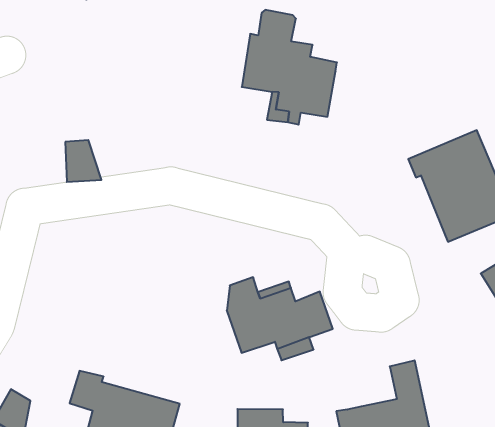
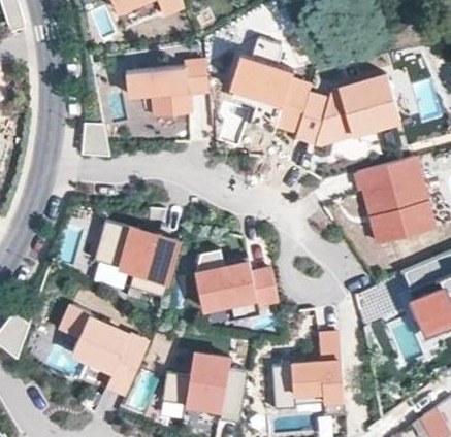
building: none -> [294,75,398,143]
building: none -> [125,60,208,116]
building: none -> [93,220,180,297]

